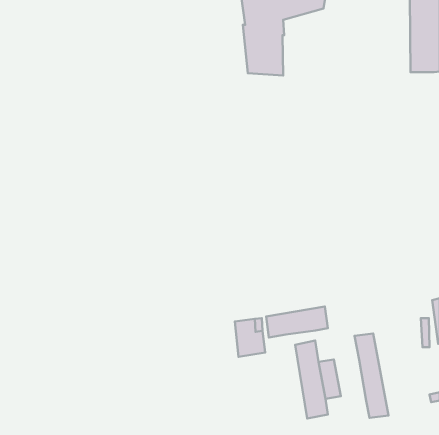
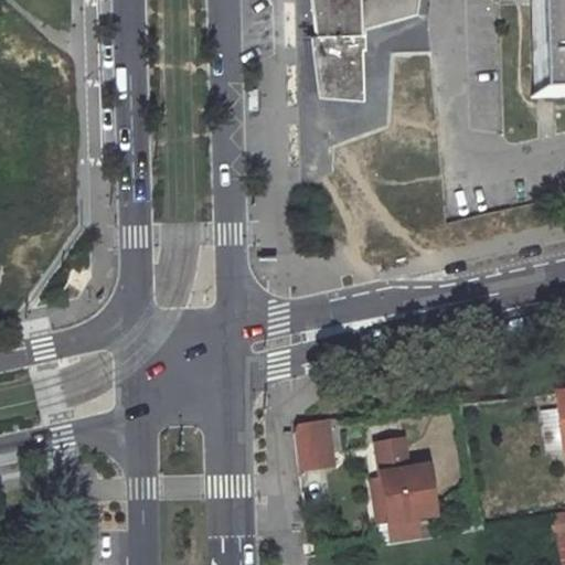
building: [266,306,328,337] -> none
building: [355,334,389,418] -> none

